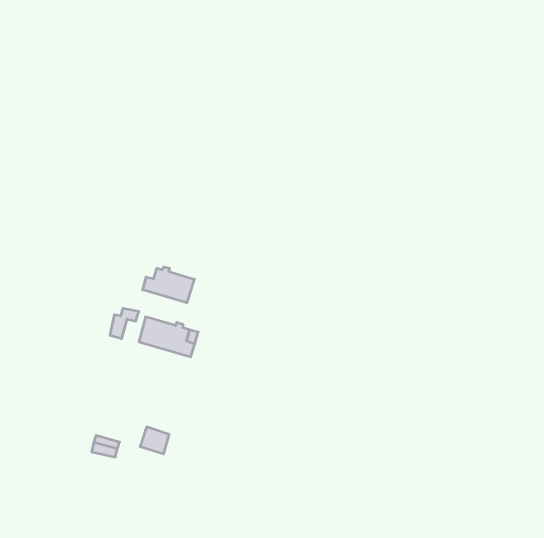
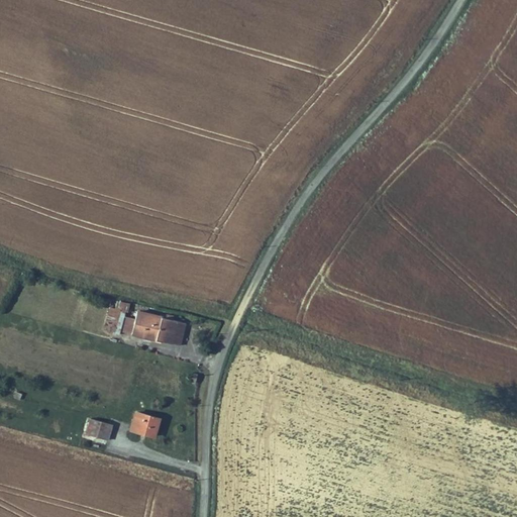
building: [143,267,194,303] -> none

